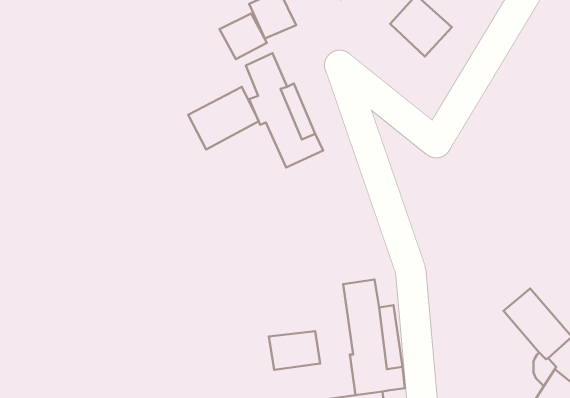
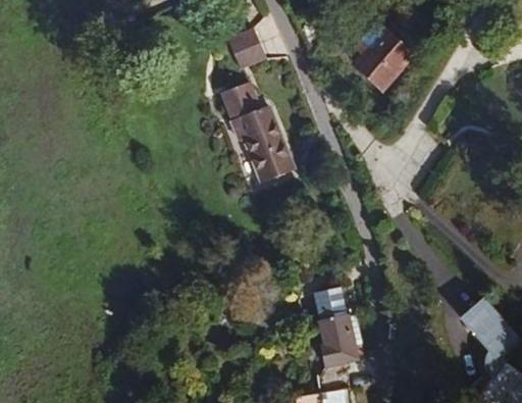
building: [219,13,267,59] -> none
building: [188,87,259,149] -> none
building: [269,331,320,370] -> none

